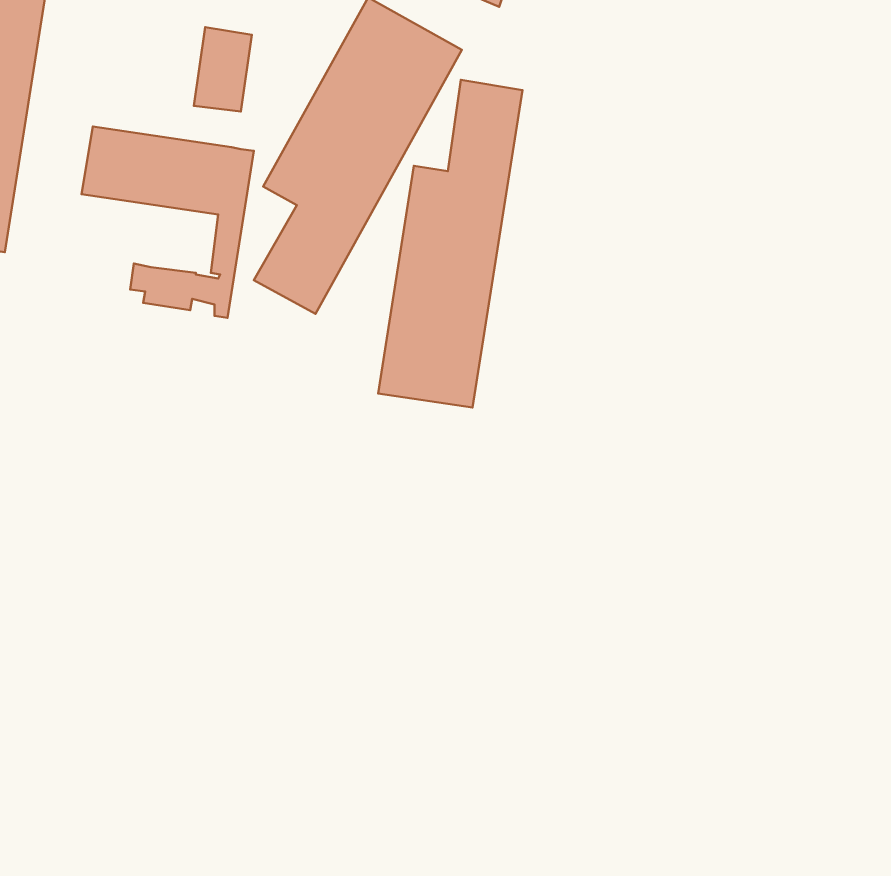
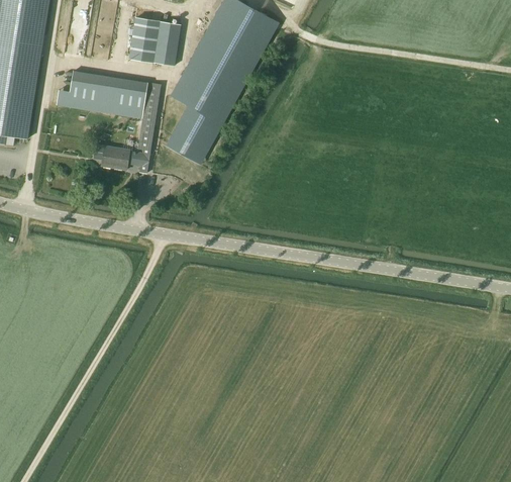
building: none -> [155,20,183,65]
building: [378,80,522,408] -> none

